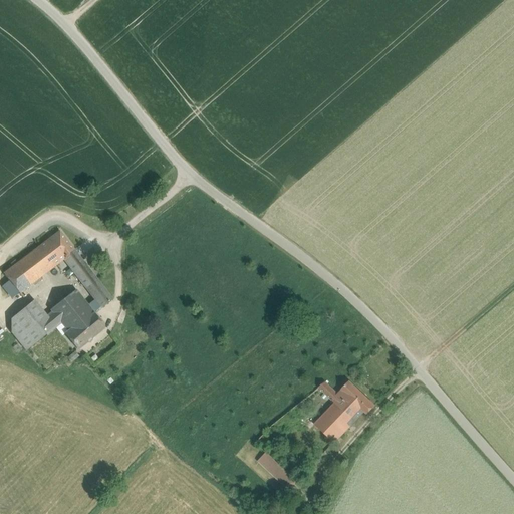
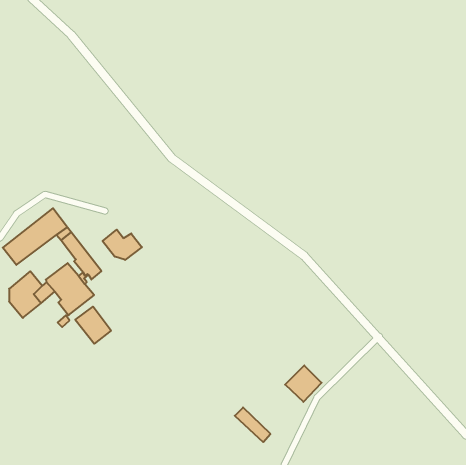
building: none -> [103,230,142,260]
building: none -> [75,307,111,344]
building: [317,380,373,421] -> none

